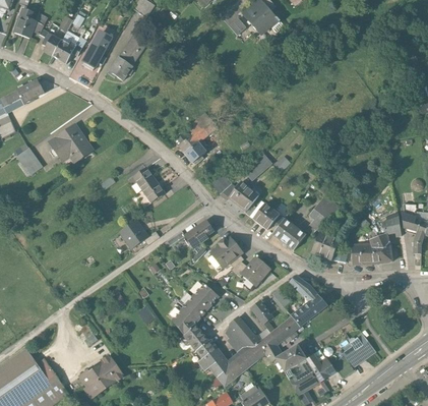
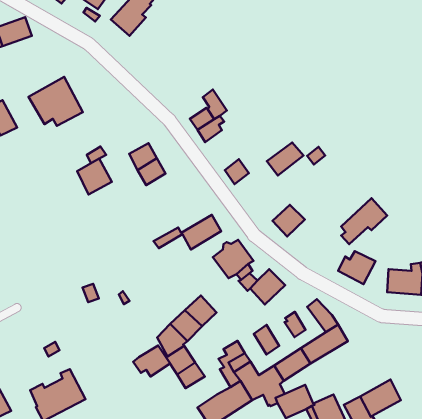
building: [232,182,259,210] -> none
building: [273,218,306,248] -> none
building: [120,219,148,248] -> [77,159,112,194]
building: [197,347,227,372] -> [133,346,170,377]

